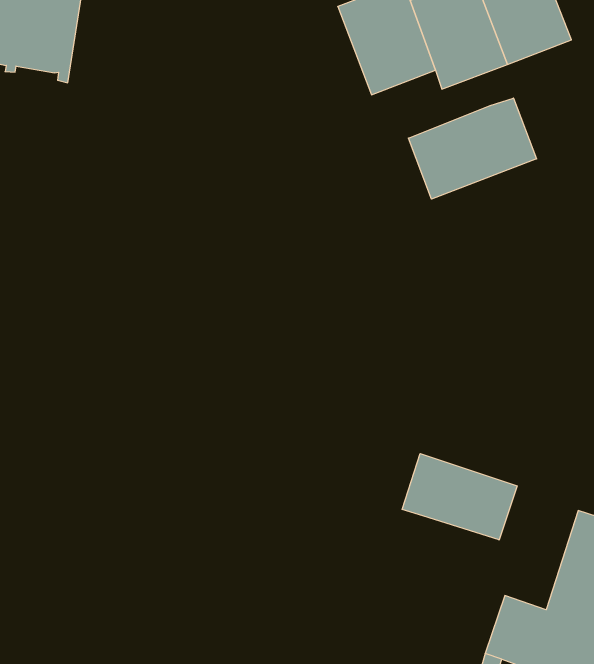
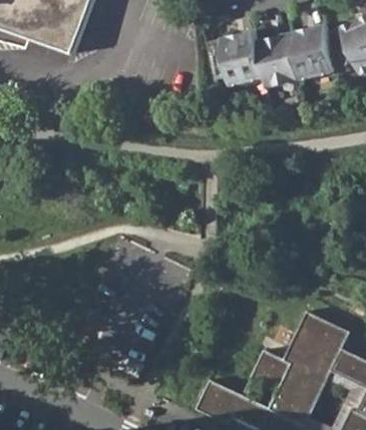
building: [408,98,537,199] -> none
building: [402,454,517,540] -> none

